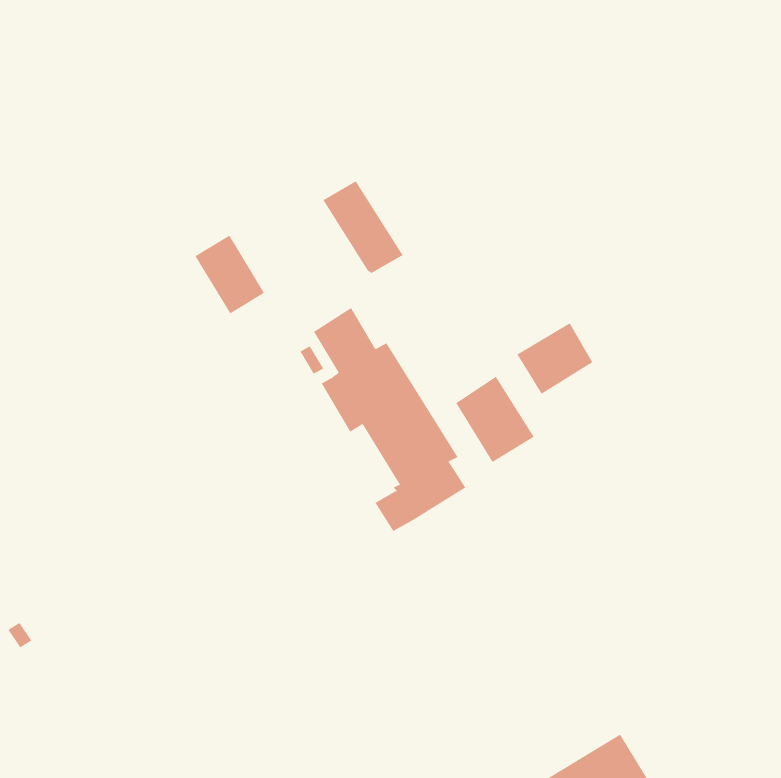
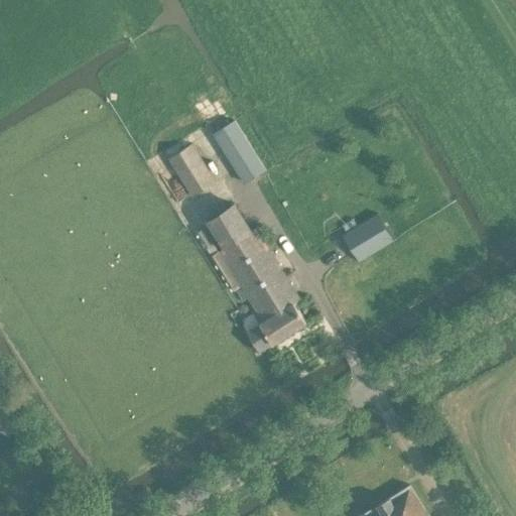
building: [195,235,265,314] -> [168,145,215,198]
building: [455,376,534,463] -> none

